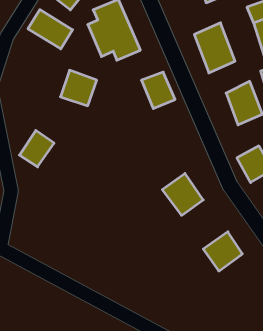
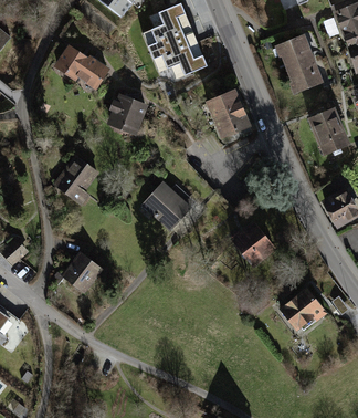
building: [28,10,73,49] -> [56,50,110,97]
building: none -> [143,178,192,228]
building: none -> [63,249,104,289]

